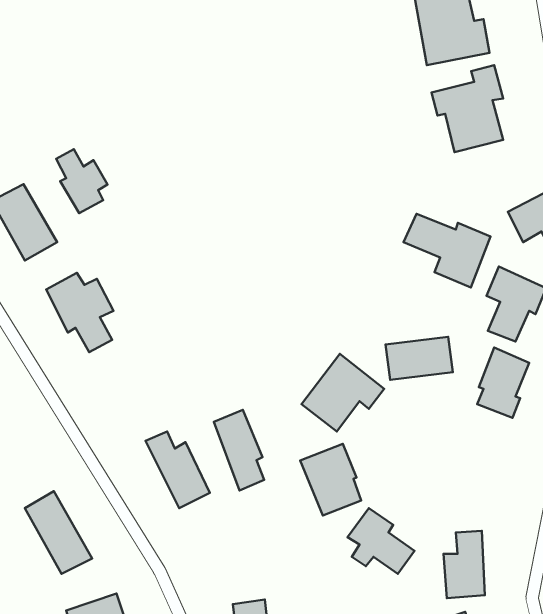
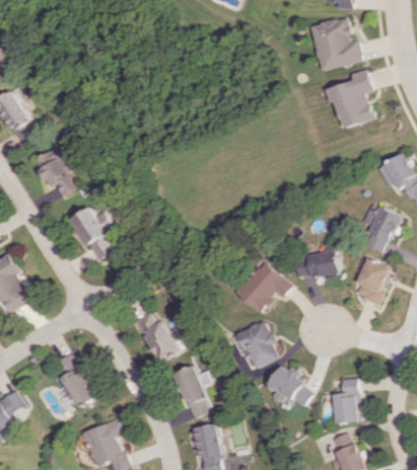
building: [56,149,107,213] -> none
building: [404,214,490,287] -> none
building: [214,410,264,491] -> [172,365,206,418]

